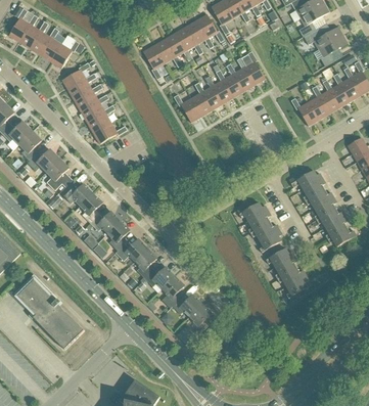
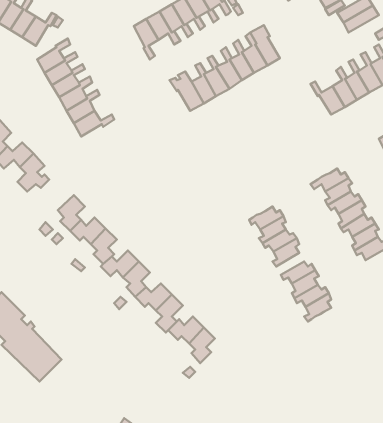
building: [60,179,93,205] -> none

